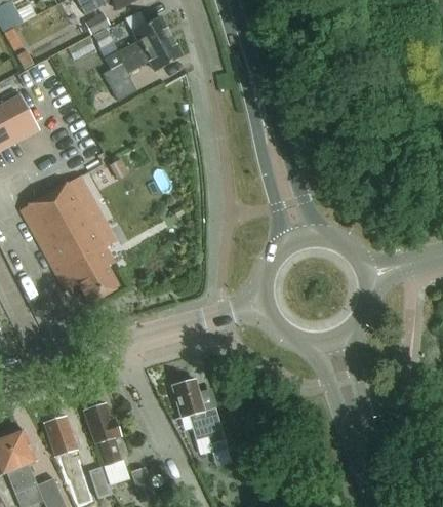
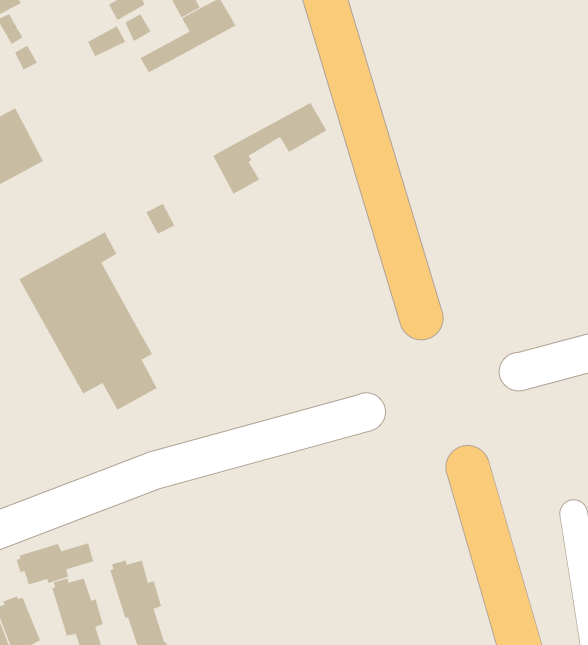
building: [104,36,183,100] -> [212,102,327,195]
building: [173,379,228,453] -> none
building: none -> [16,542,94,585]

